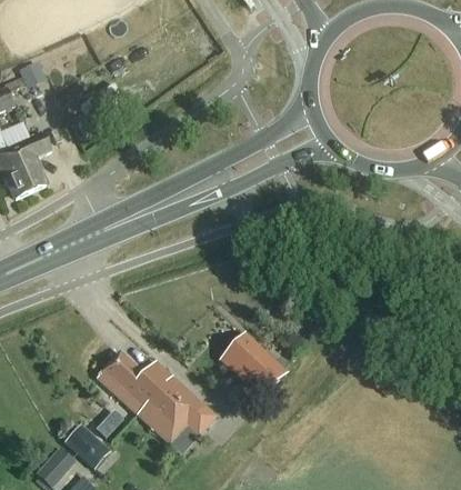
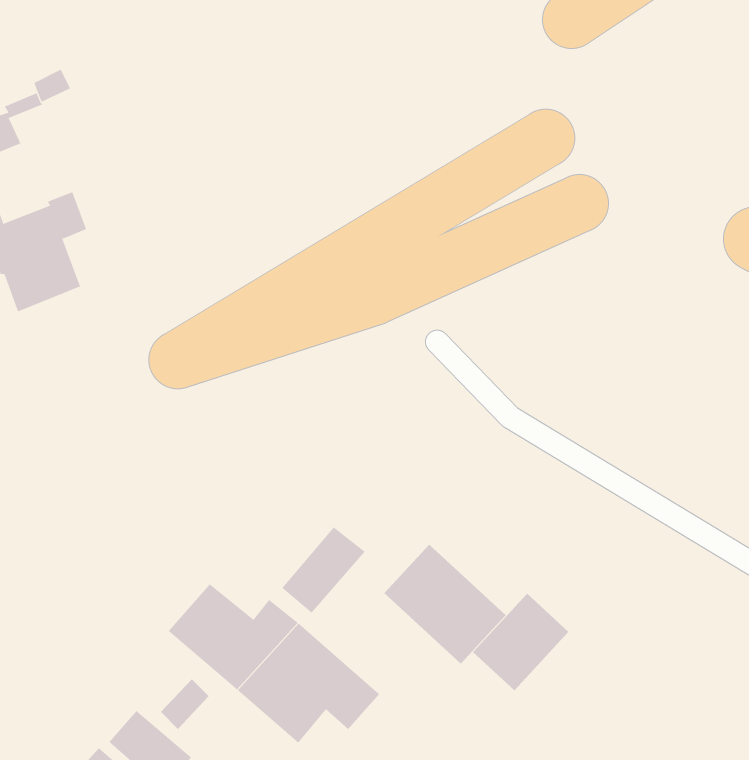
building: none -> [282,527,365,614]
building: none -> [472,593,569,691]

